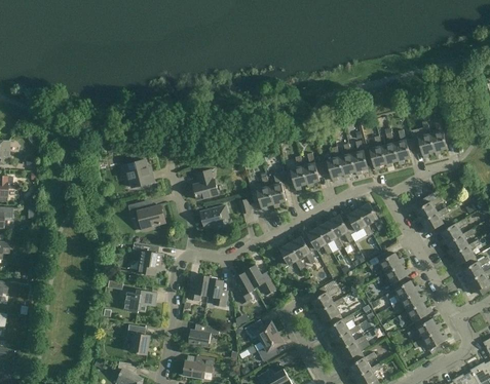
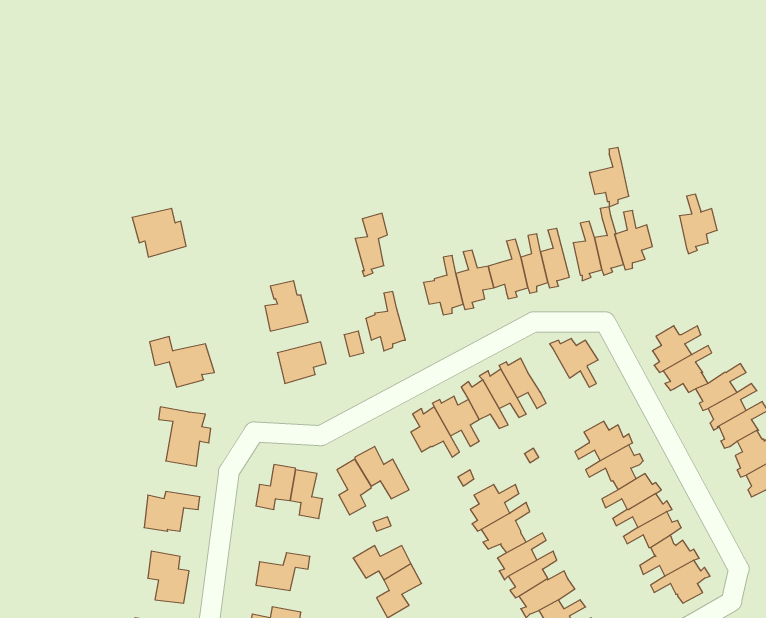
building: [412,123,435,157] -> [589,147,629,207]
building: [123,159,154,187] -> [132,208,186,257]
building: [269,170,288,206] -> [355,213,387,276]
building: [344,208,373,240] -> none

